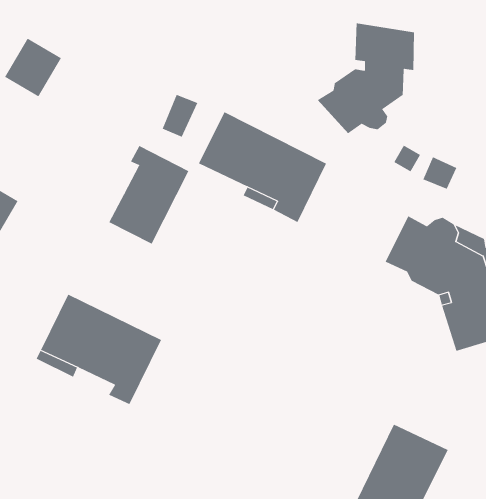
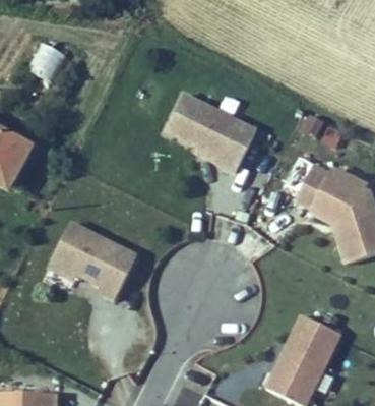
building: [317,22,414,134] -> none
building: [108,145,189,245] -> none

